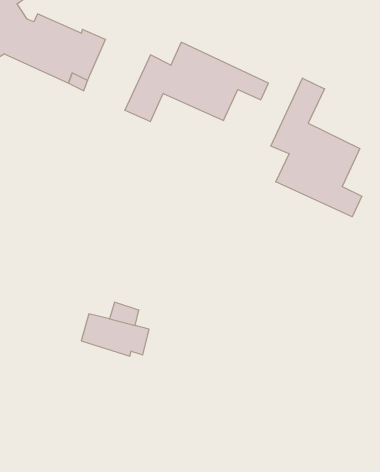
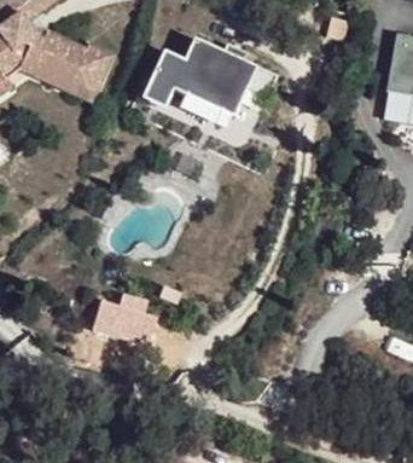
building: [271,78,362,217] -> none

